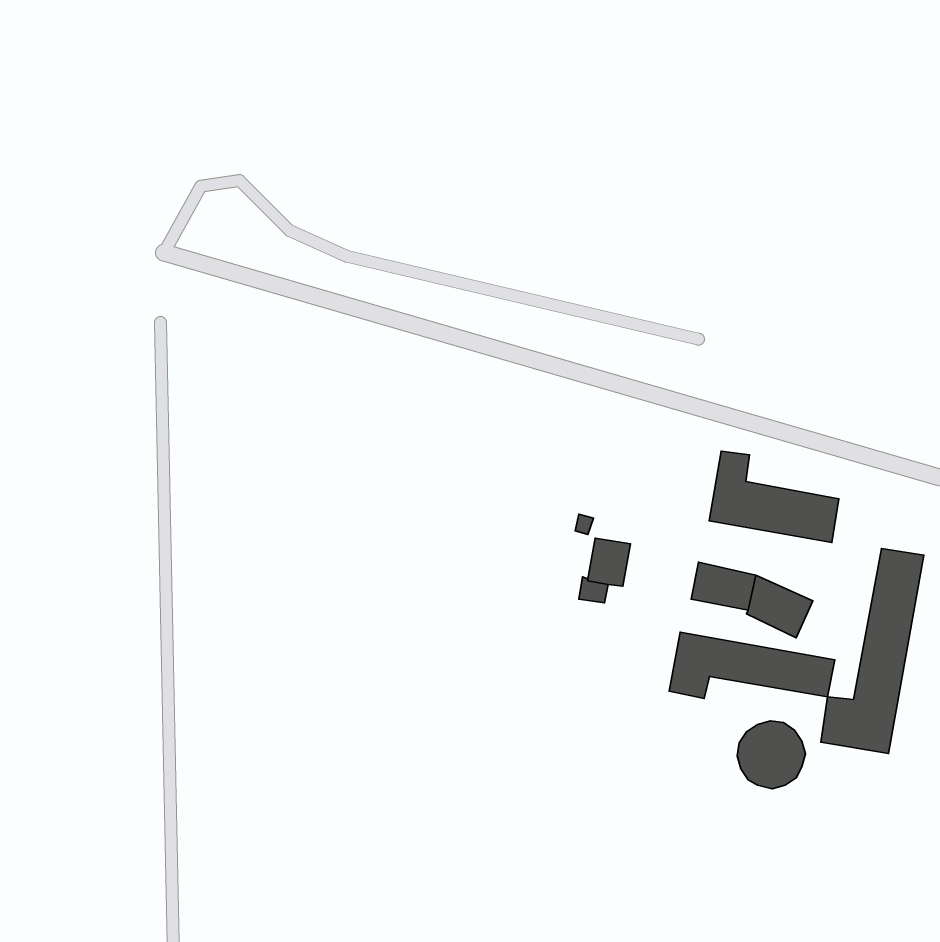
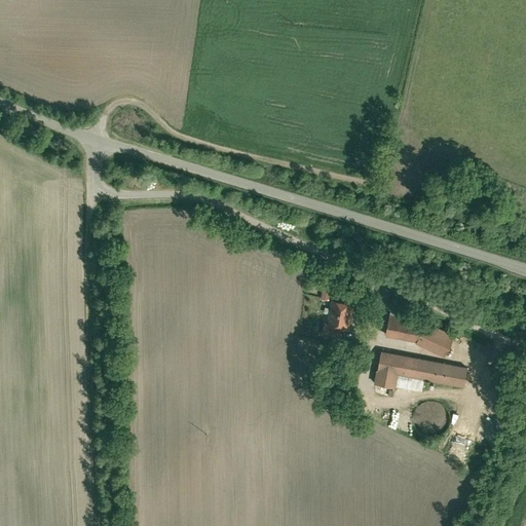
building: [709,451,839,543] -> none
building: [821,549,924,754] -> none

